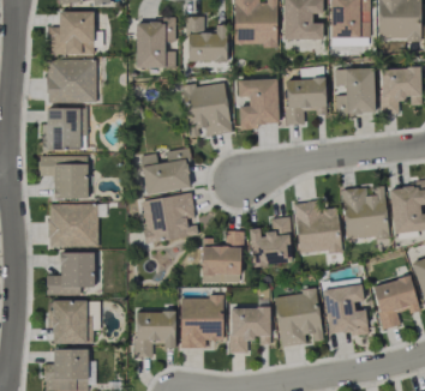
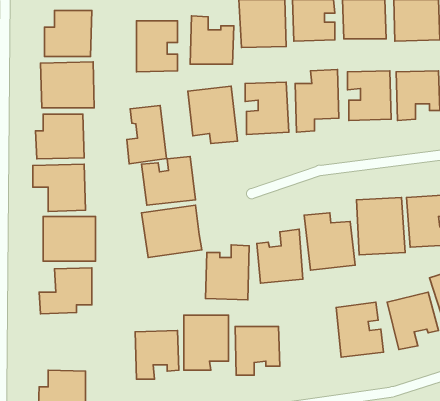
building: none -> [127,106,166,164]
building: [274,289,324,347] -> none
building: [48,301,101,343] -> none

